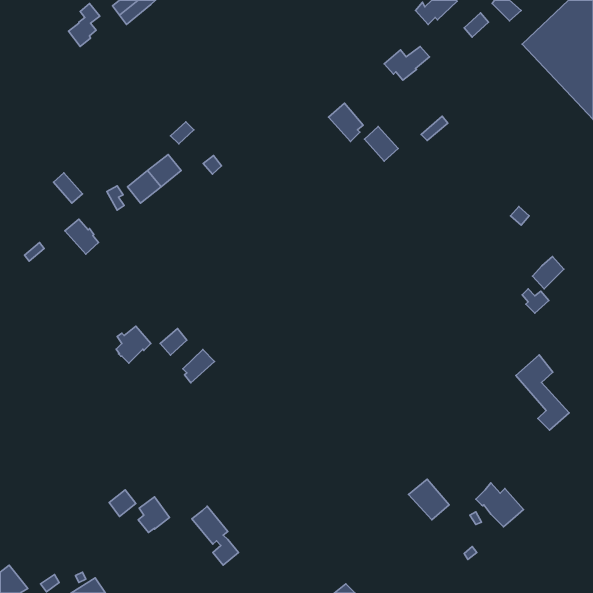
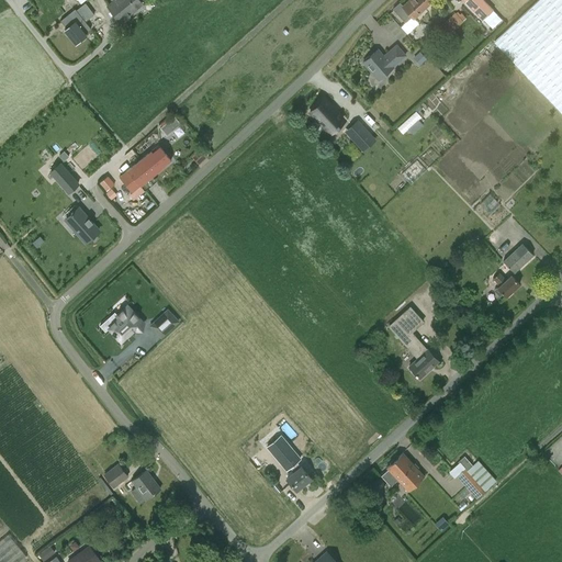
building: [183,350,214,383] -> none
building: [516,355,569,430] -> [389,306,439,378]
building: [192,506,238,565] -> [267,435,311,491]

